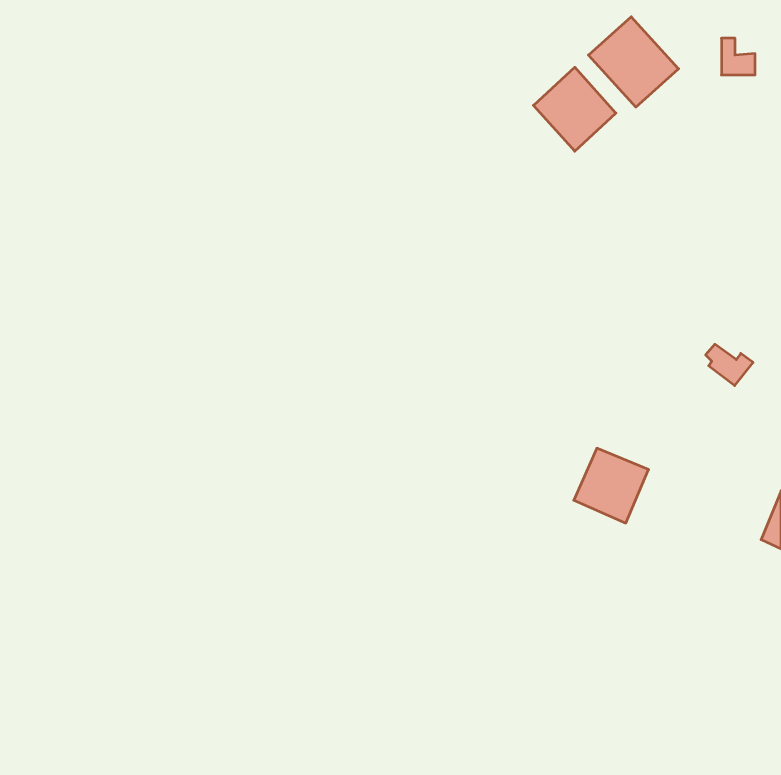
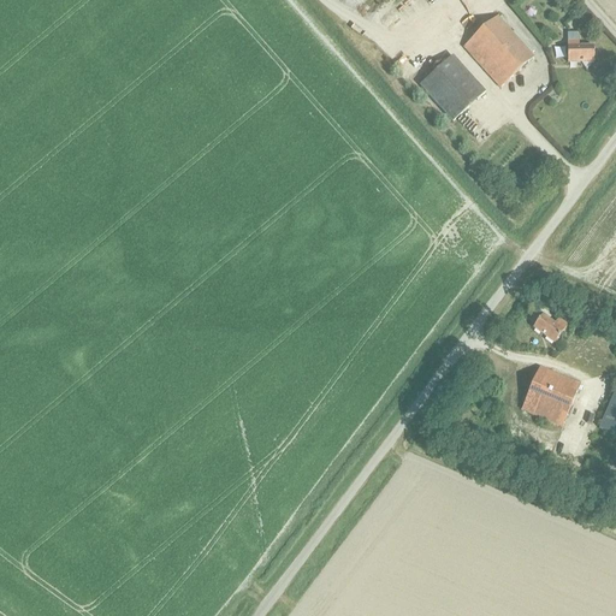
building: [706,344,753,386] -> [531,308,568,340]
building: [574,448,649,523] -> [521,365,580,424]

